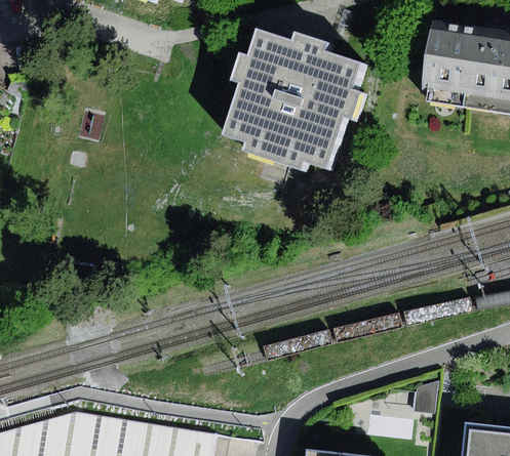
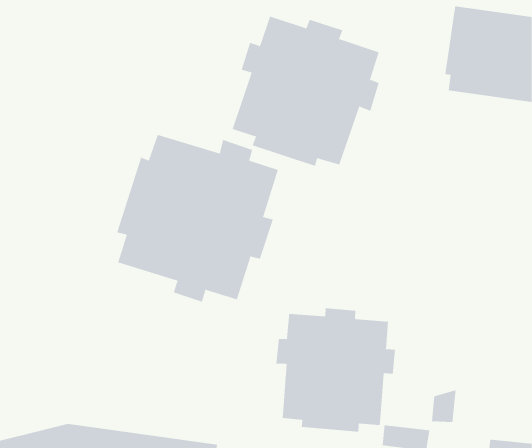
building: none -> [117,134,279,302]
building: none -> [276,308,395,432]

